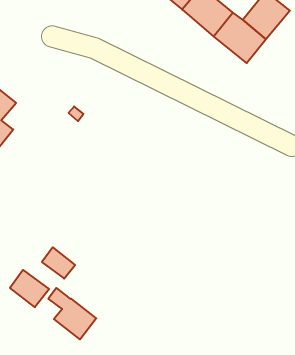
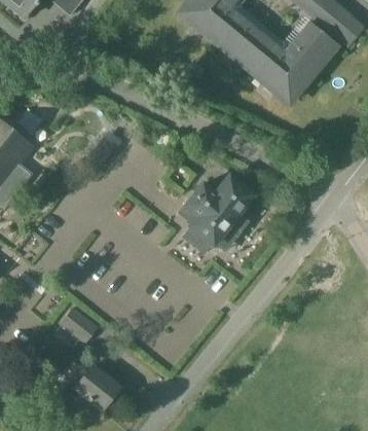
building: none -> [184,176,252,245]
building: [10,270,49,307] -> none

